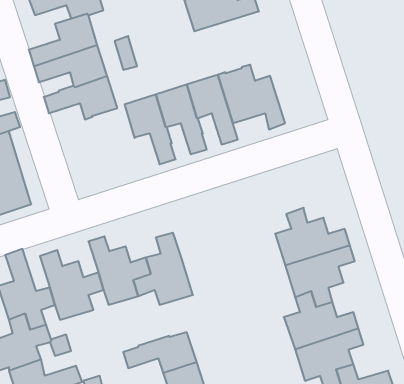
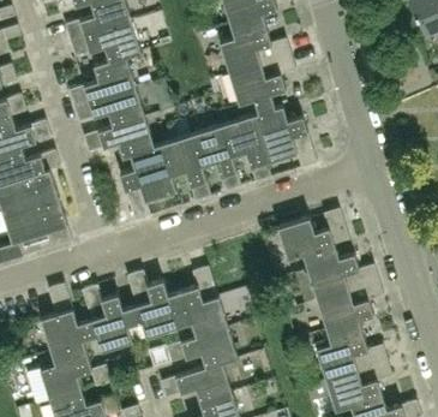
building: none -> [228,54,295,114]
building: none -> [119,144,176,221]
building: none -> [276,209,348,269]
building: none -> [166,328,236,369]

